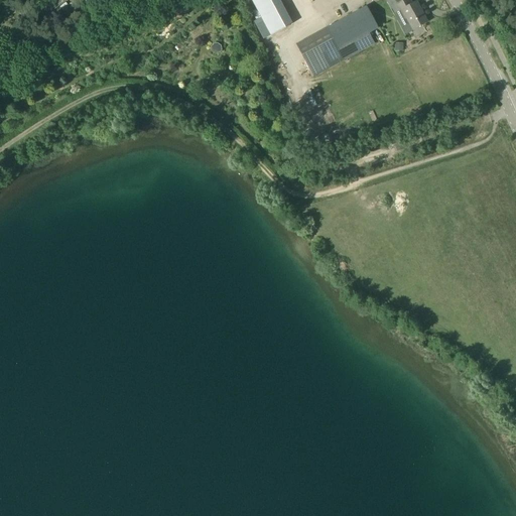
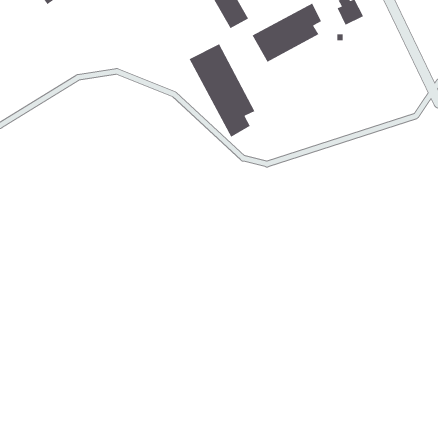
building: none -> [189,43,255,138]

